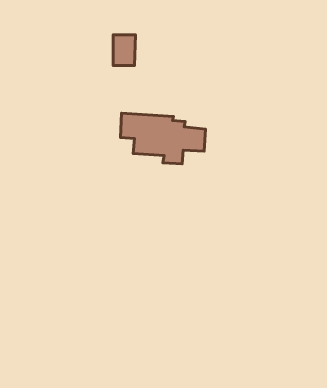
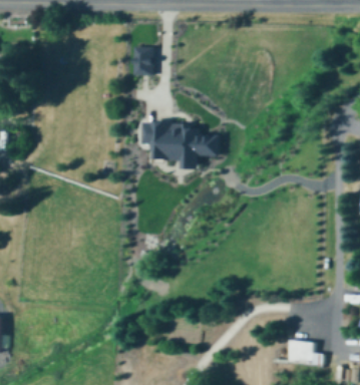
building: none -> [285,340,322,364]

